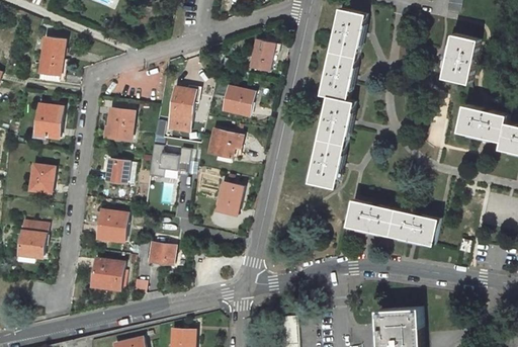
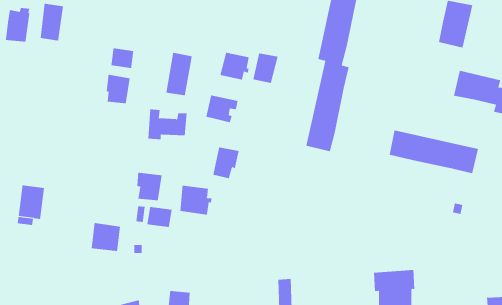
building: [249,39,275,71] -> [253,53,279,84]
building: none -> [111,47,134,69]
building: [35,102,62,138] -> [4,7,30,42]
building: [105,160,127,183] -> none
building: [29,165,53,193] -> none
building: [348,200,439,245] -> [389,130,479,174]
building: [100,211,126,241] -> [137,172,163,201]
building: none -> [180,185,212,215]

